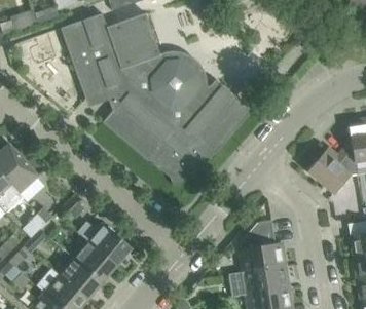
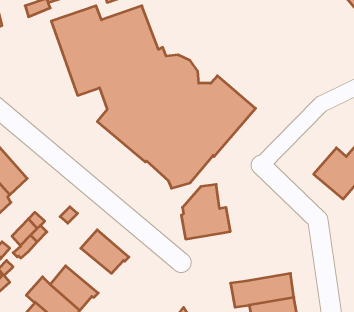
building: [239,220,285,271] -> [181,184,230,239]
building: [73,240,116,282] -> none

